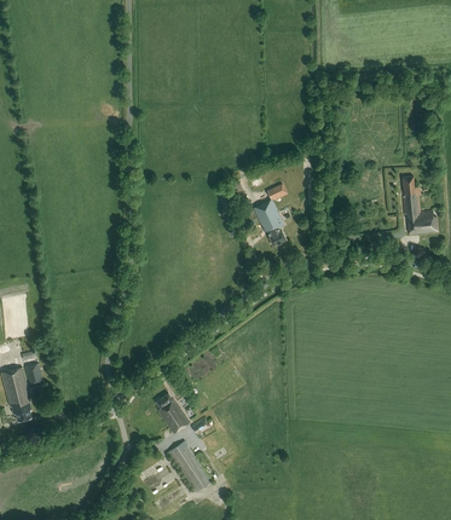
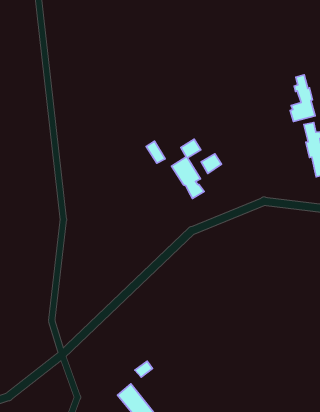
building: none -> [290,75,315,121]
building: [155,392,189,432] -> none

